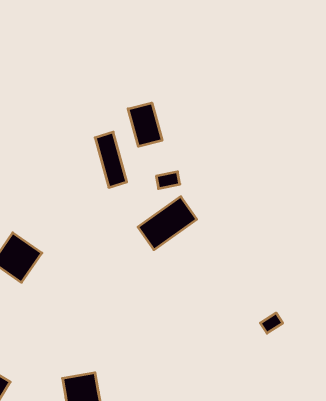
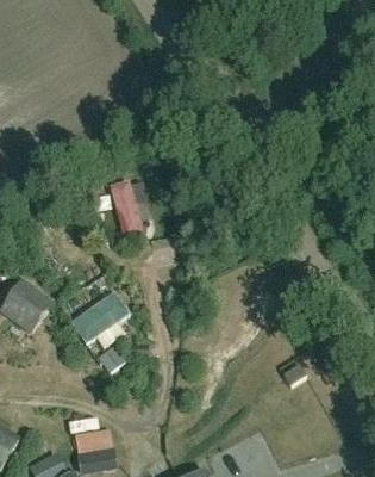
building: [128,103,162,146] -> none
building: [138,197,197,250] -> [68,289,130,345]

